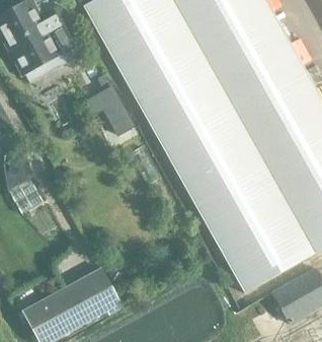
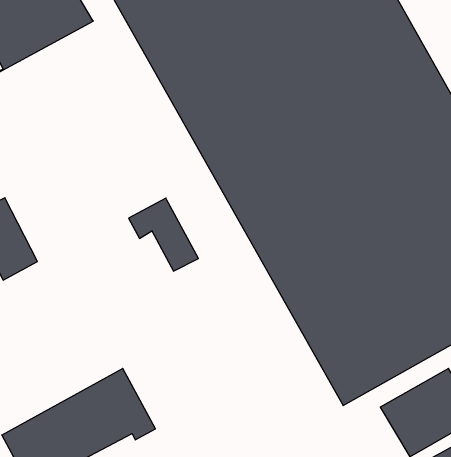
building: [88,87,134,135] -> [129,198,198,271]

